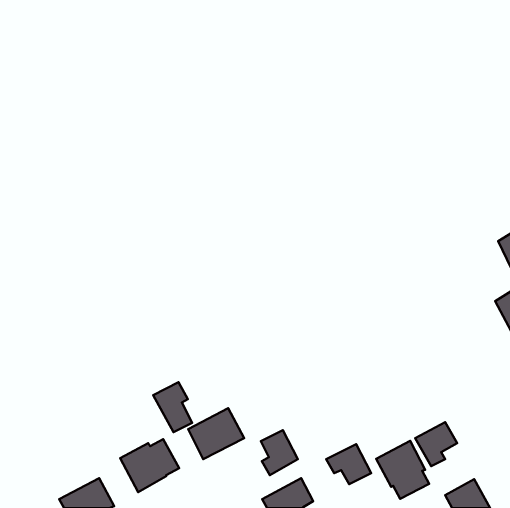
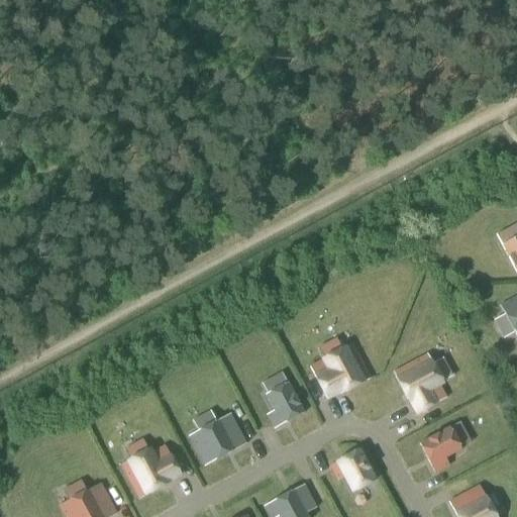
building: none -> [312,342,372,397]
building: [153,382,192,432] -> none
building: [261,430,298,475] -> [267,382,304,427]
building: [376,441,429,499] -> [394,352,447,411]

